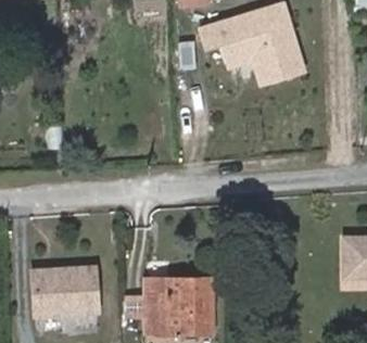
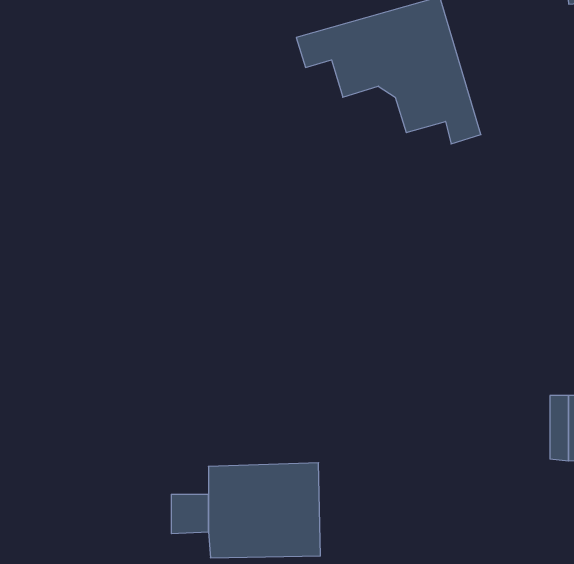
building: [34,267,98,313] -> none

